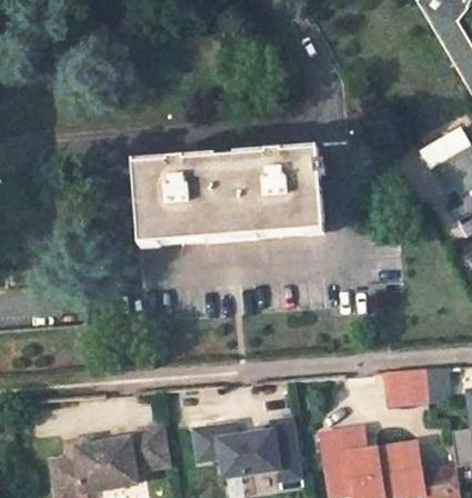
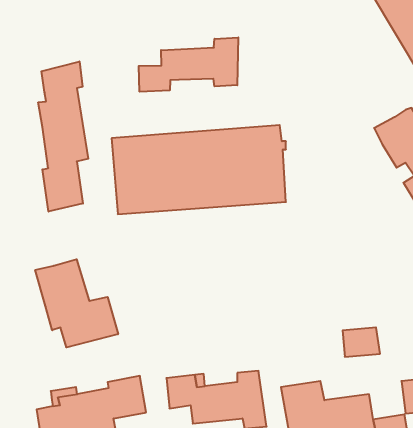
building: none -> [139,37,238,92]
building: none -> [38,61,88,212]
building: none -> [35,259,118,347]

